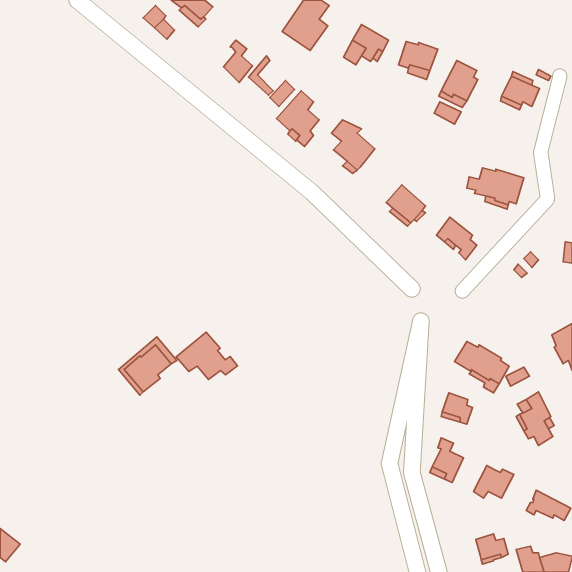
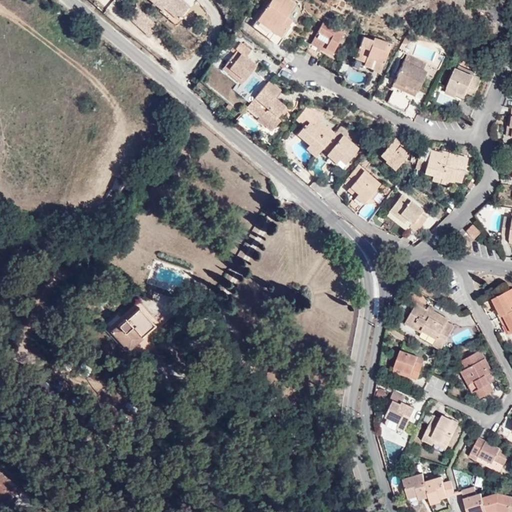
building: [223,40,253,83] -> [230,43,256,81]
building: none -> [322,133,359,163]
building: none -> [381,138,410,169]
building: [176,332,238,379] -> none
building: none -> [403,474,429,500]

